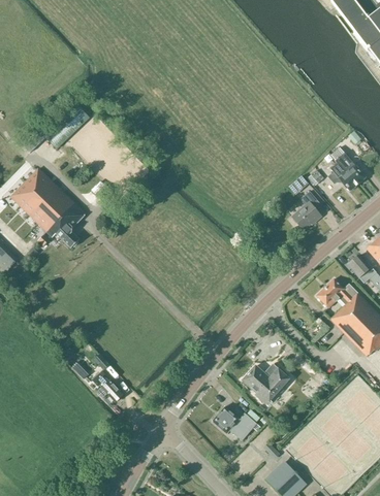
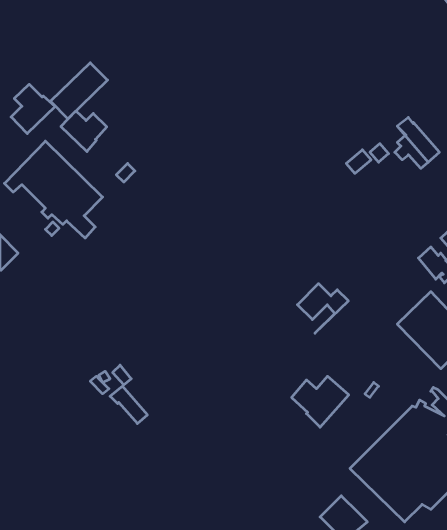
building: none -> [11,84,55,134]
building: none -> [61,111,107,152]
building: [292,190,320,229] -> none
building: [316,277,358,319] -> [297,284,348,333]
building: [212,405,257,438] -> none

